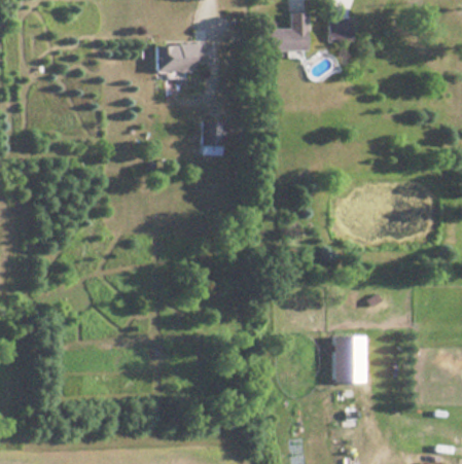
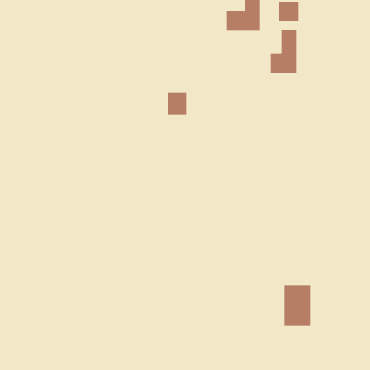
building: [155,43,212,69] -> none
building: none -> [270,29,297,74]

